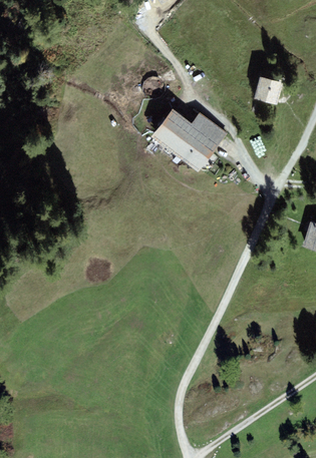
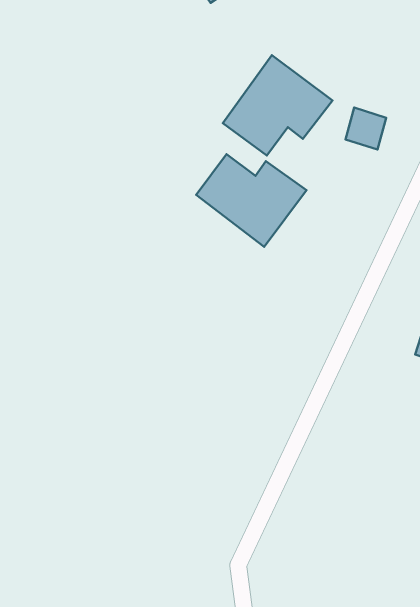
building: none -> [223,55,333,155]

